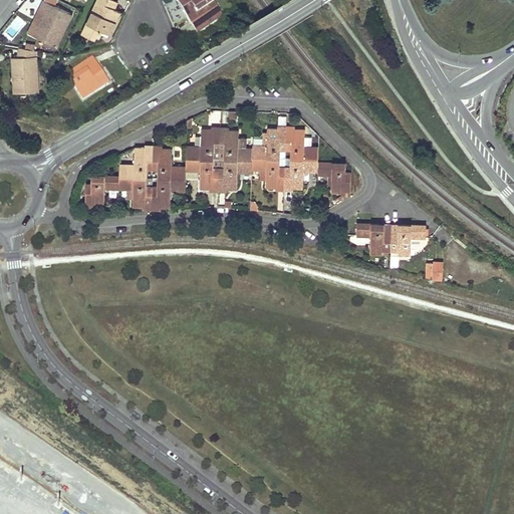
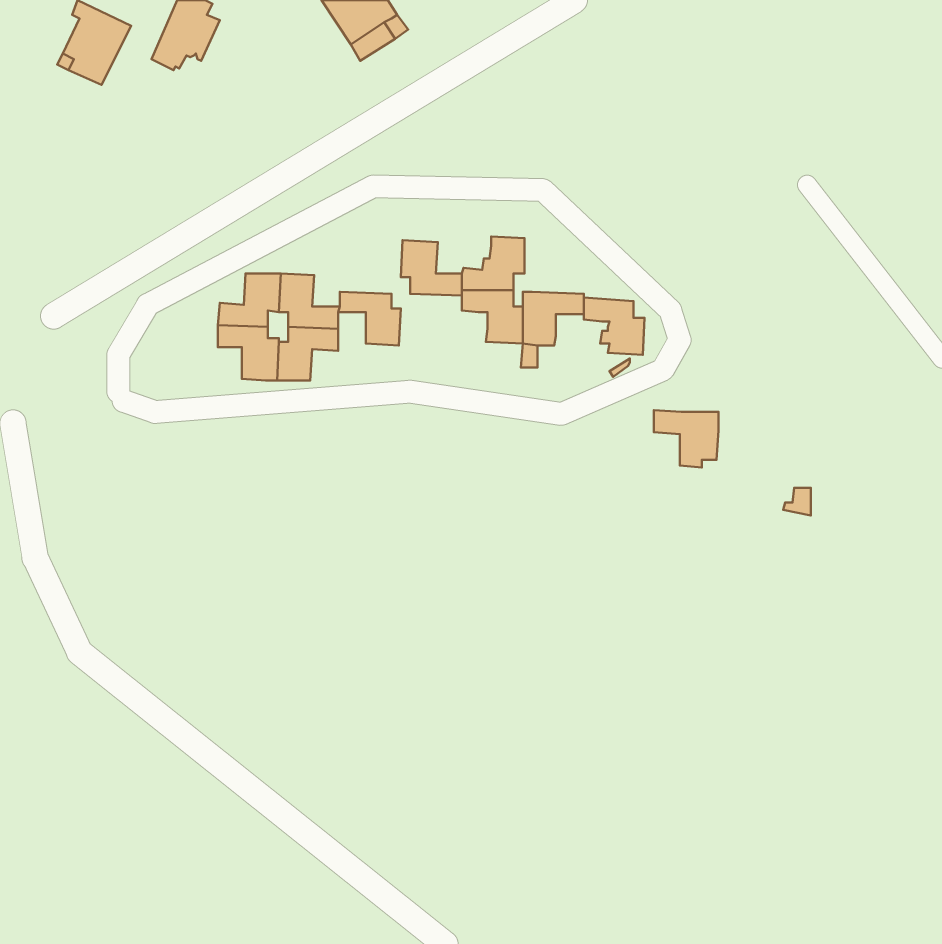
building: [11,47,34,92] -> none
building: [65,58,106,99] -> none
building: [185,130,219,160] -> none
building: [285,130,317,160] -> none
building: [217,160,251,189] -> none
building: [84,176,118,205] -> none
building: [390,225,425,255] -> none

